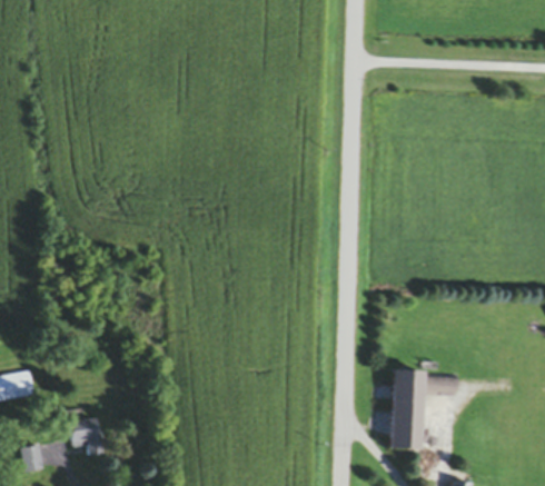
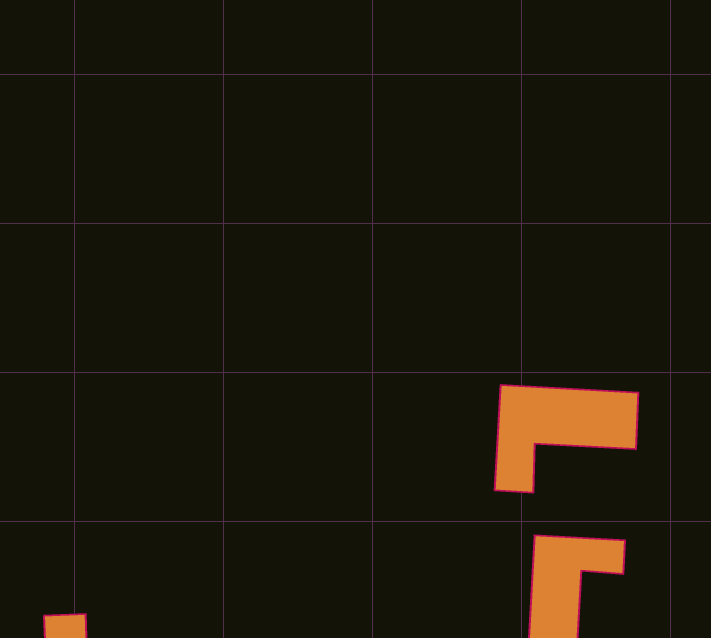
building: none -> [495,385,638,493]

